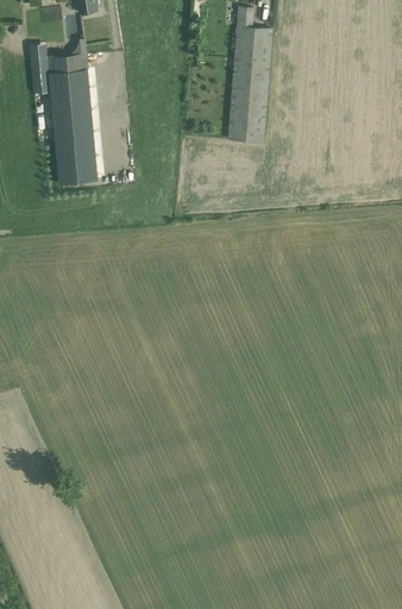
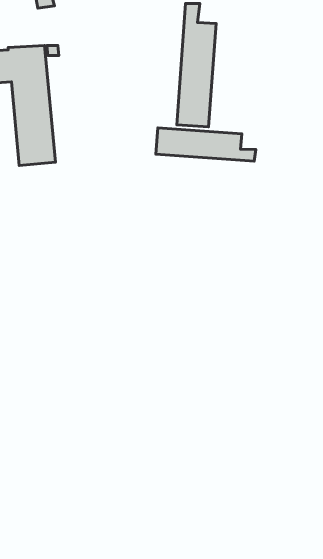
building: none -> [156,128,256,161]

